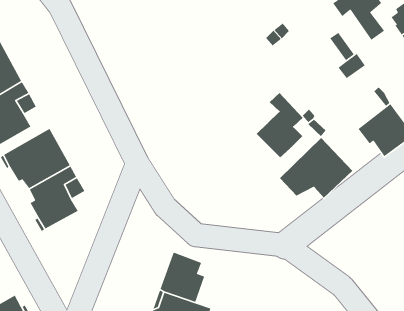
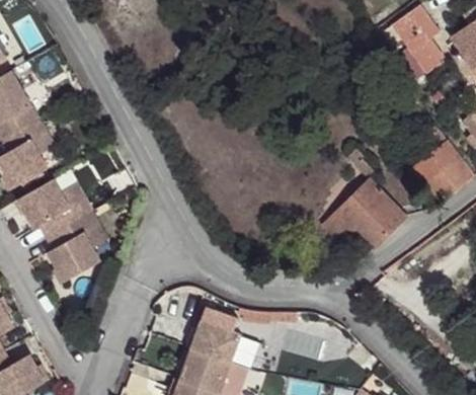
building: [256,92,303,158] -> none

